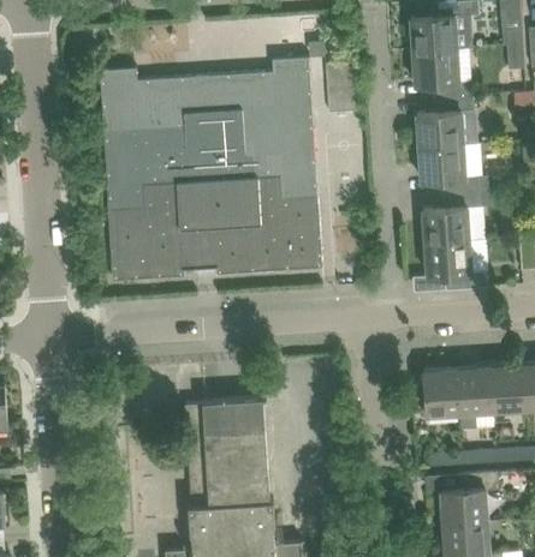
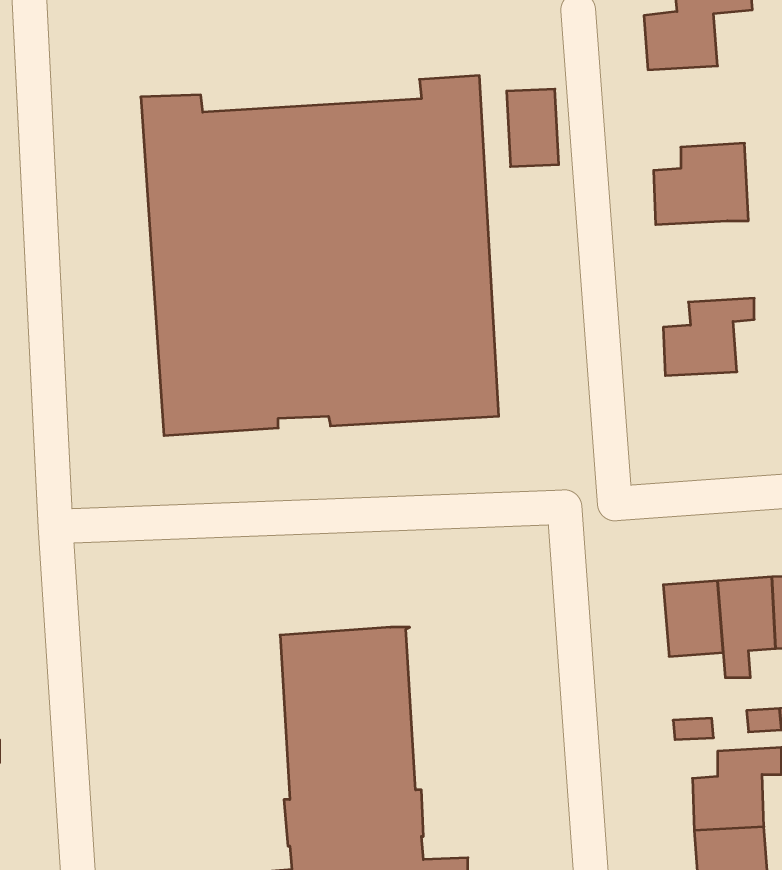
building: [414,50,474,101] -> none
building: [418,146,480,197] -> none
building: [424,240,486,291] -> none

